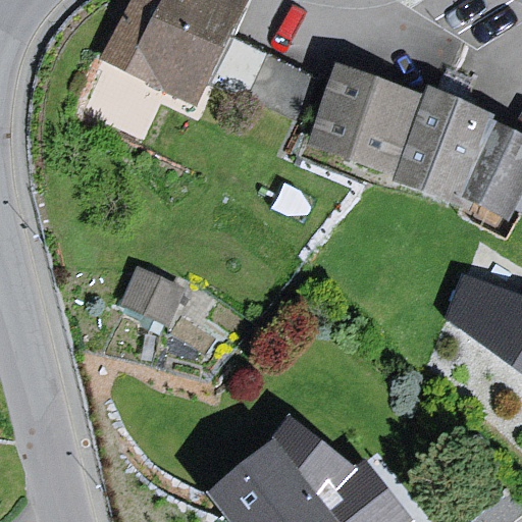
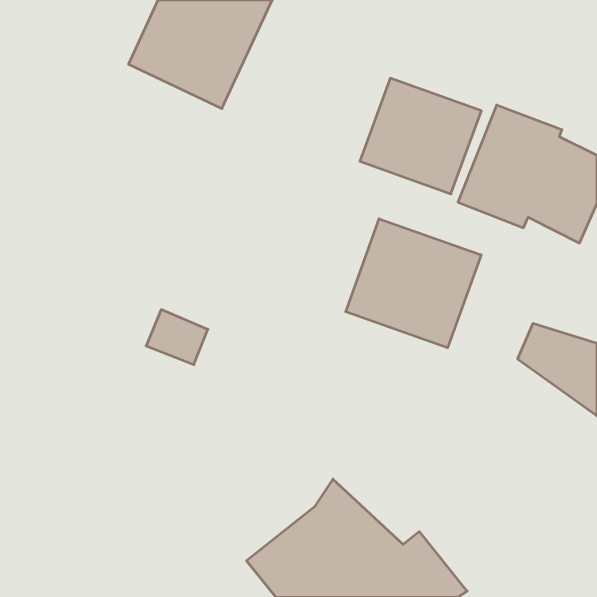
building: none -> [346,219,481,348]

